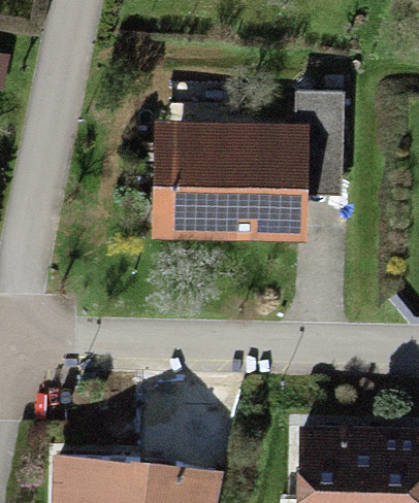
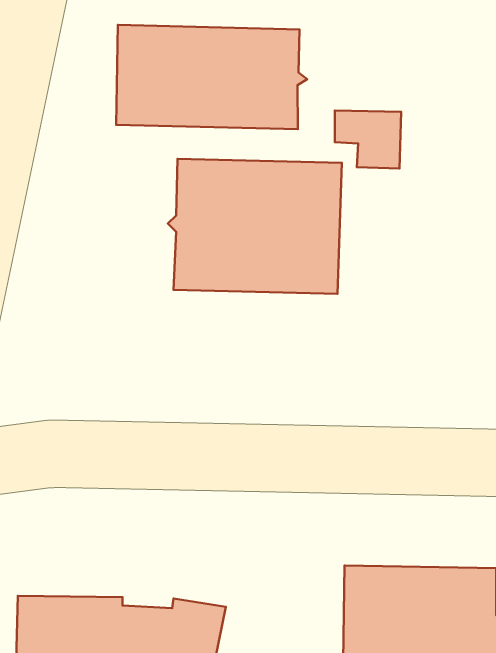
building: none -> [116,25,307,129]

